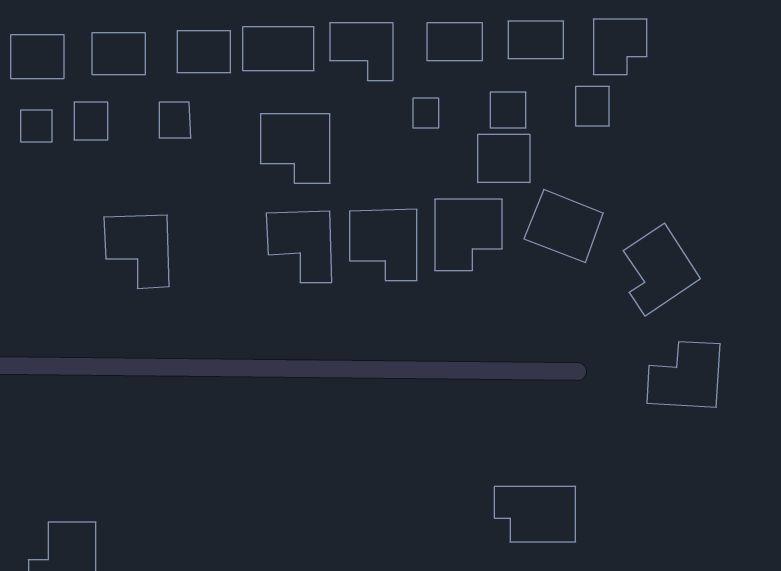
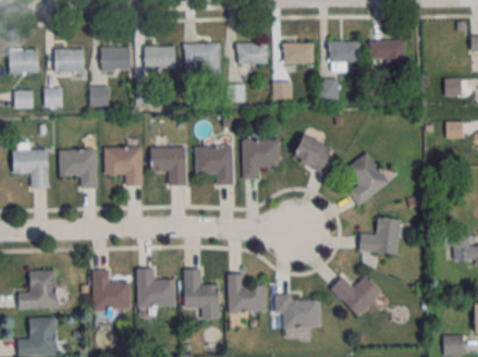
building: none -> [370,40,406,70]
building: [260,114,330,183] -> [105,148,143,186]
building: [478,134,530,183] -> none
building: none -> [13,145,48,188]
building: none -> [137,269,175,307]
building: none -> [183,269,219,320]
building: none -> [19,271,57,308]
building: none -> [93,271,131,309]
building: none -> [330,274,382,316]
building: none -> [229,275,266,312]

